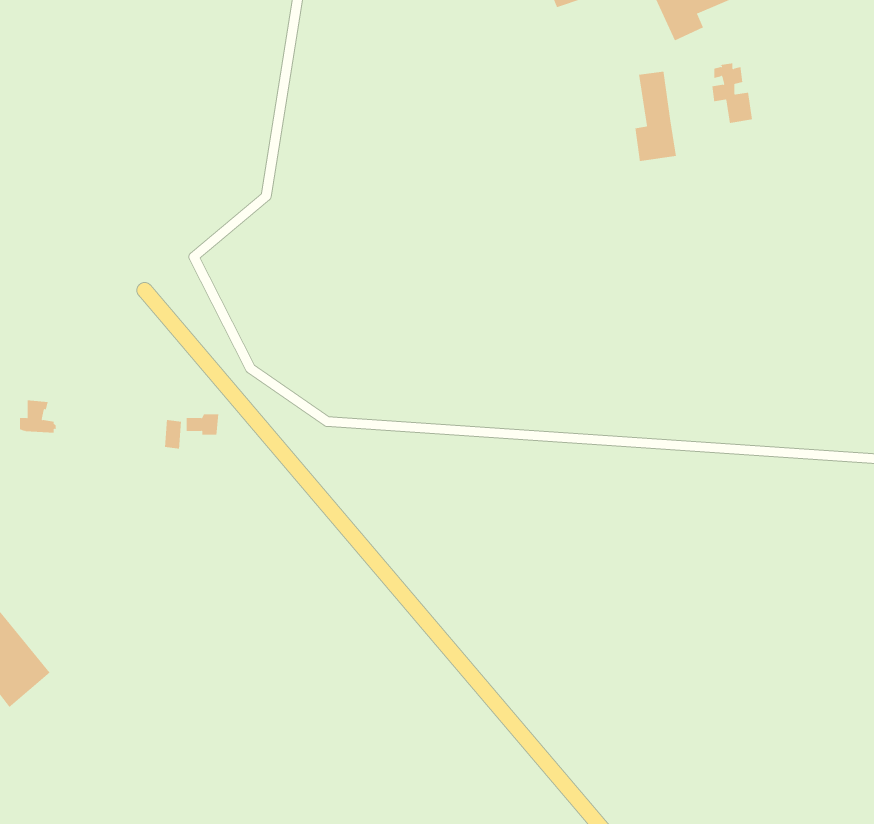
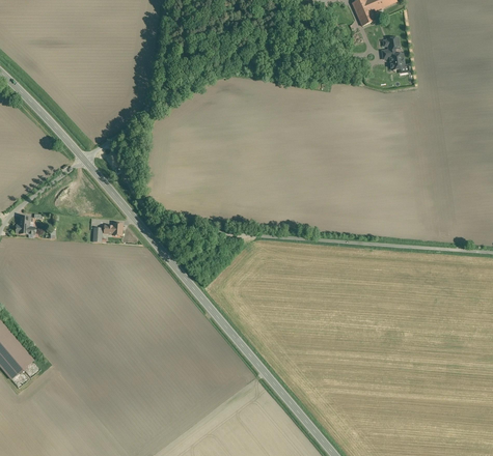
building: [635,71,677,162] -> none

